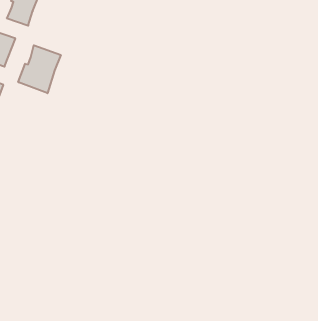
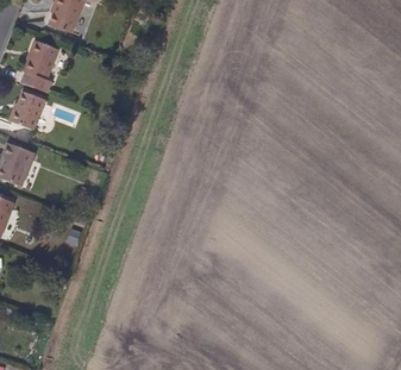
building: [18,45,61,93] -> none

